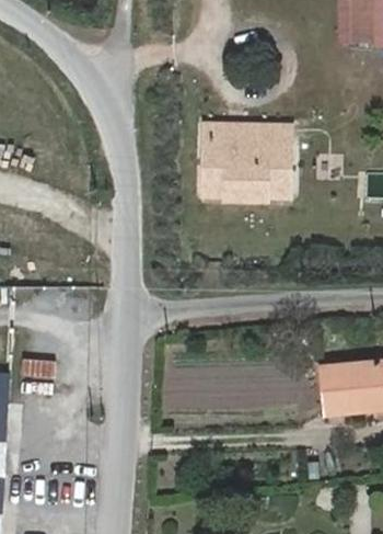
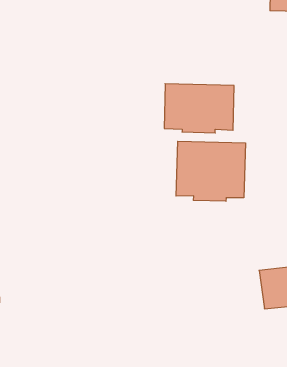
building: none -> [176,141,245,201]

